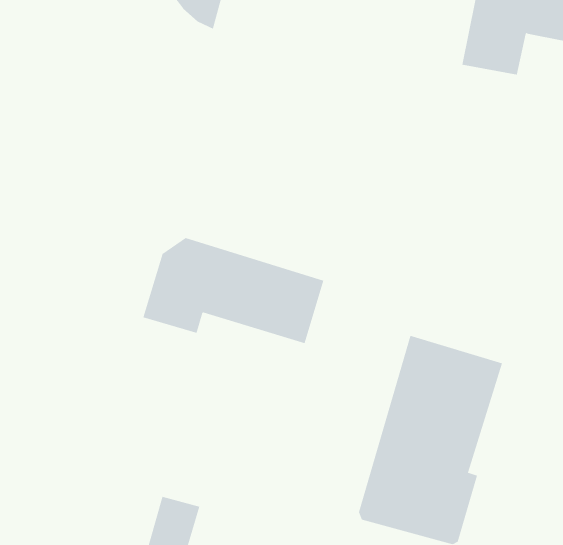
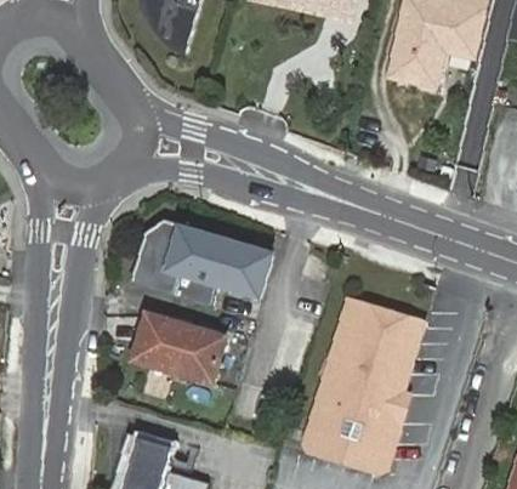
building: none -> [135,314,226,381]

